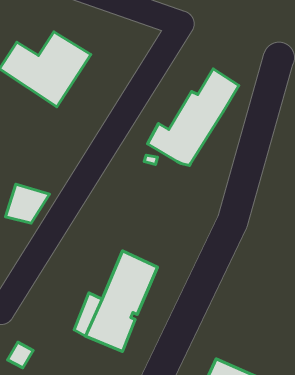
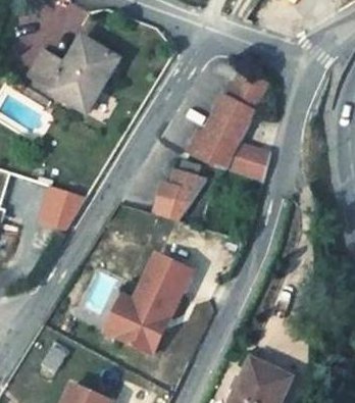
building: none -> [222,145,267,181]
building: none -> [146,166,202,219]

